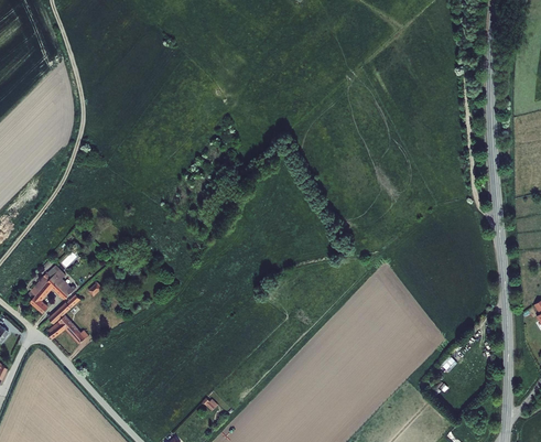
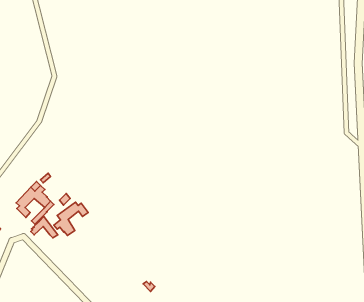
building: none -> [54,202,88,236]

